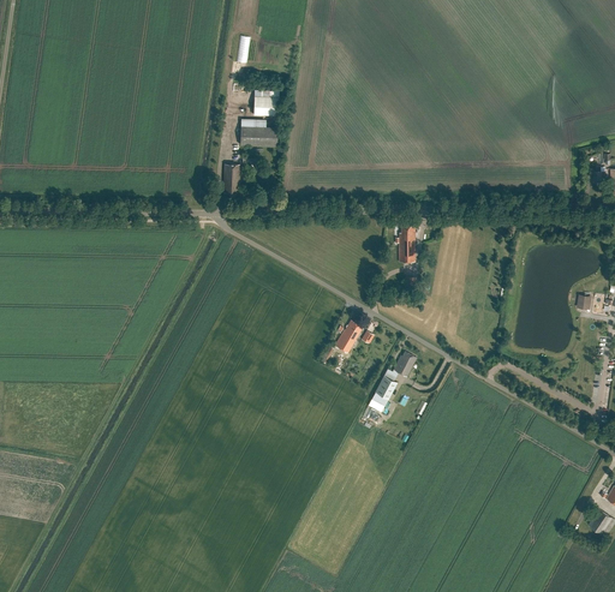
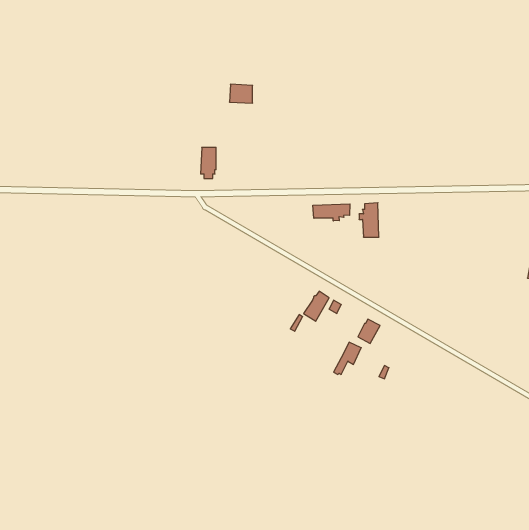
building: [240,119,279,146] -> none
building: none -> [313,204,350,221]

